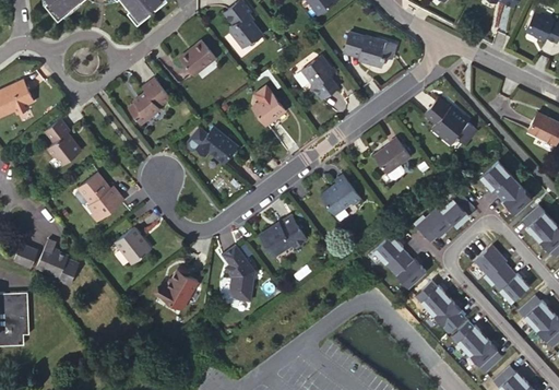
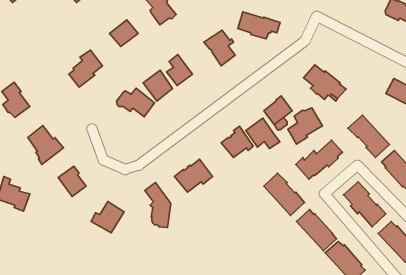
building: none -> [143,70,173,101]
building: none -> [288,108,323,144]
building: none -> [246,118,280,148]

